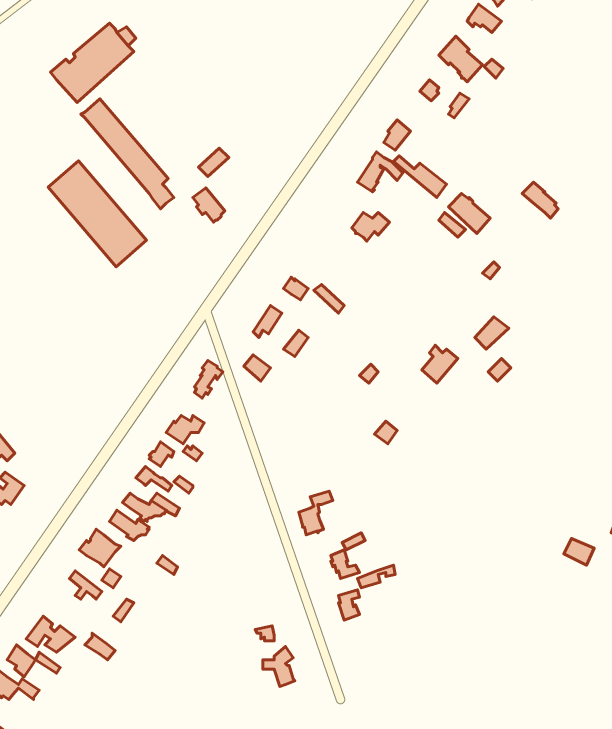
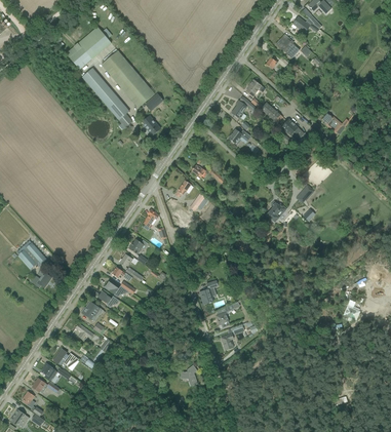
building: [48,161,147,267] -> [101,50,154,108]

